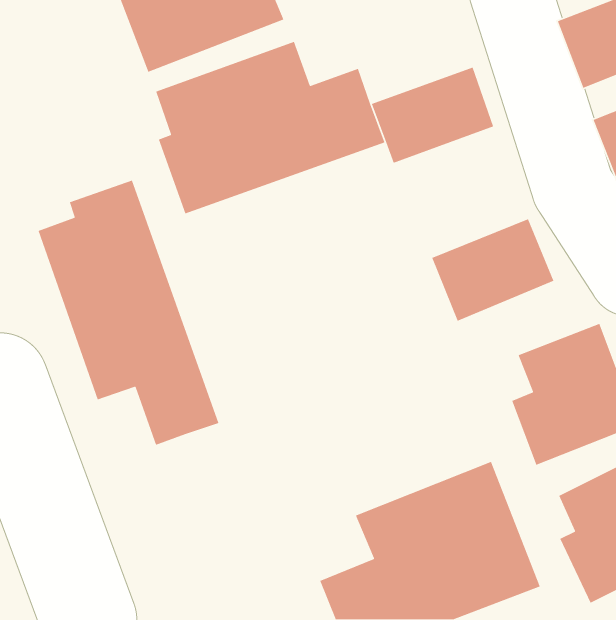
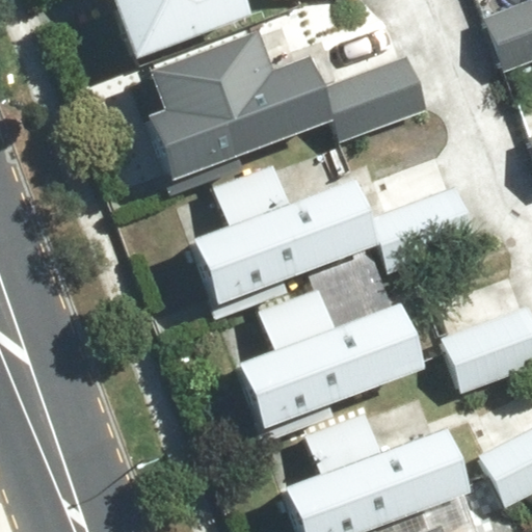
building: none -> [194,139,379,317]
building: [38,179,219,446] -> none
building: none -> [239,260,429,432]

